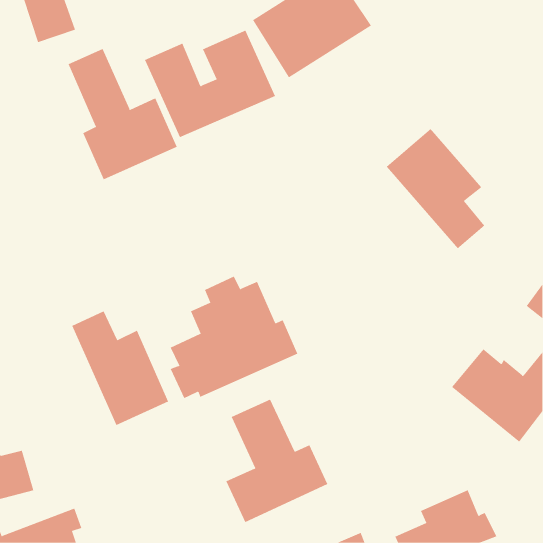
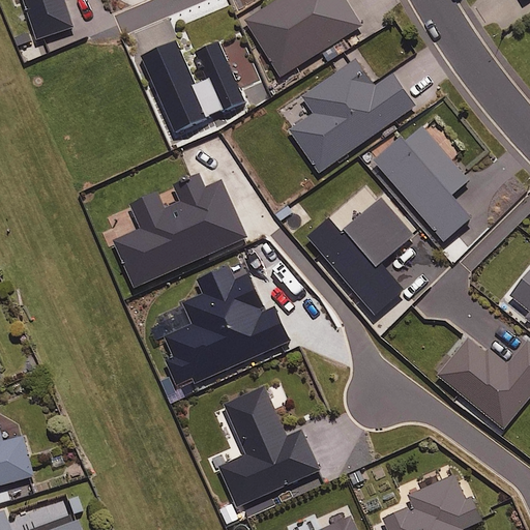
building: [68,48,177,180] -> none
building: none -> [289,58,413,172]
building: none -> [104,175,245,286]
building: none -> [306,197,412,327]
building: [71,310,169,426] -> none

